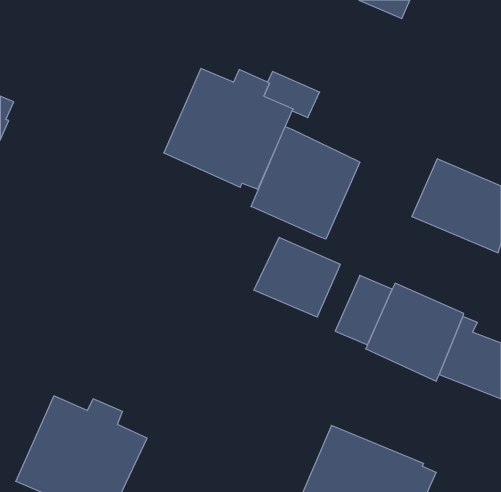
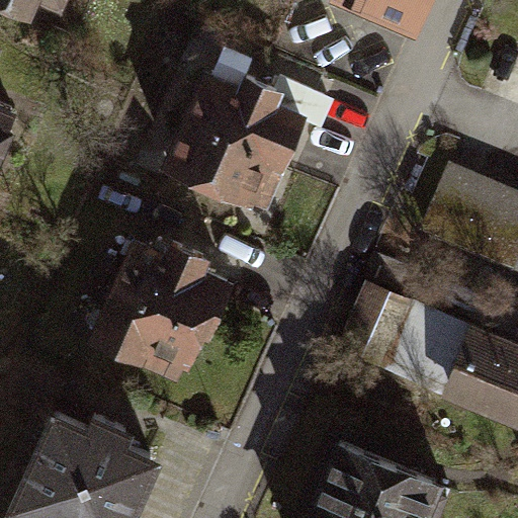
building: [251,126,360,239] -> none
building: none -> [96,247,229,377]
building: [254,237,340,317] -> none

